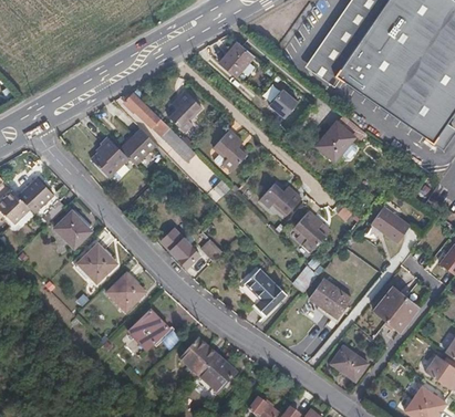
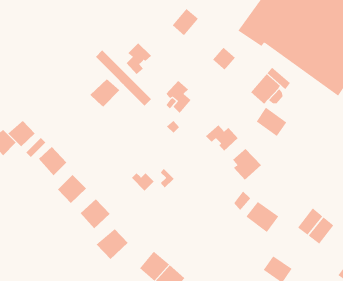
building: [92,135,128,176] -> none
building: [371,206,410,242] -> [256,107,287,137]
building: [248,265,288,312] -> none

